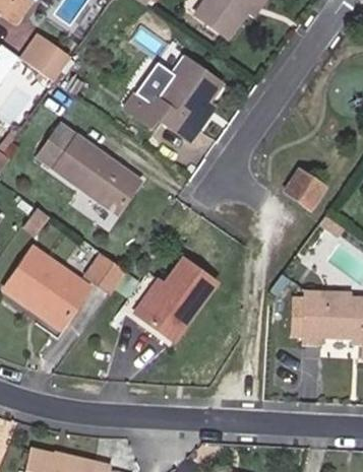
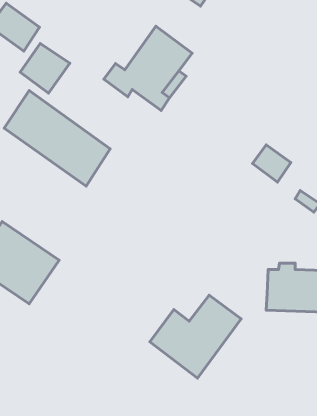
building: none -> [20,43,70,93]
building: [86,254,126,292] -> none
building: [124,261,214,342] -> [150,295,241,378]

